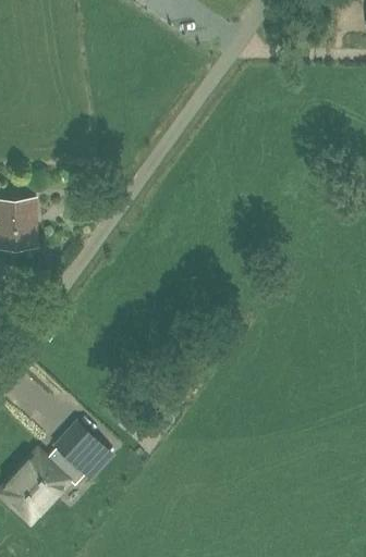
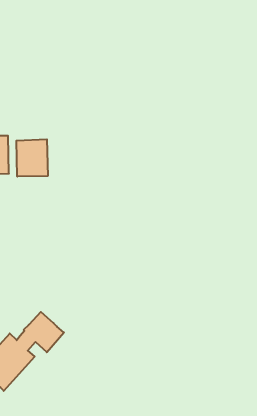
building: none -> [16,139,48,177]

